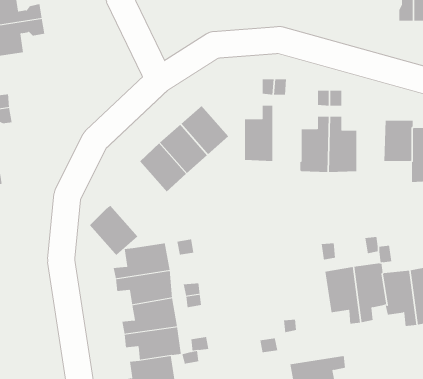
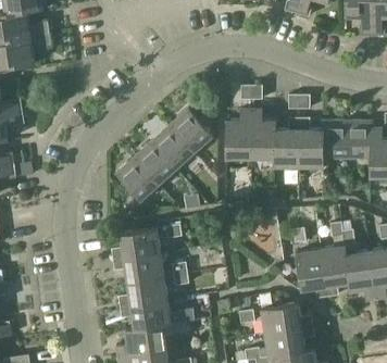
building: none -> [251,109,277,158]
building: none -> [323,122,348,158]
building: [89,205,138,256] -> [116,158,159,202]
building: none -> [262,303,313,334]

